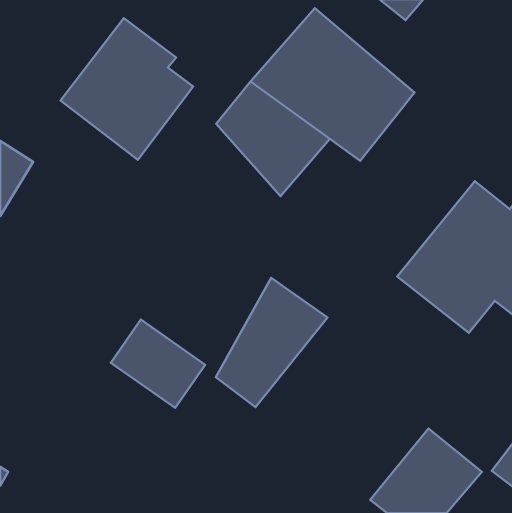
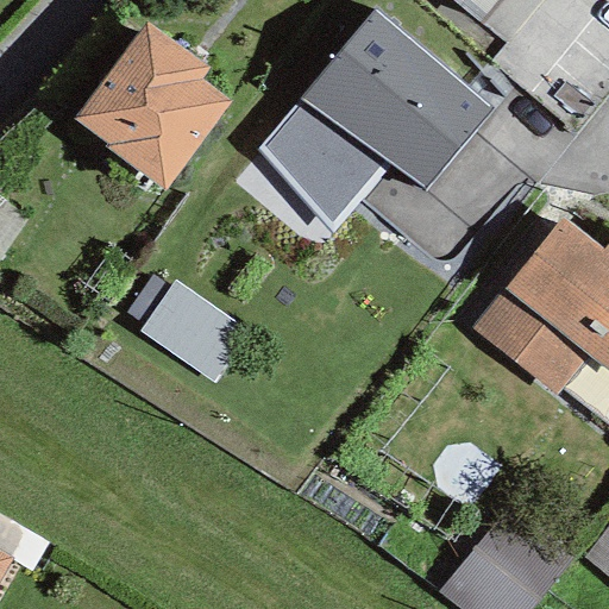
building: [216,278,328,407] -> none
building: [111,319,205,408] -> [139,281,251,385]

